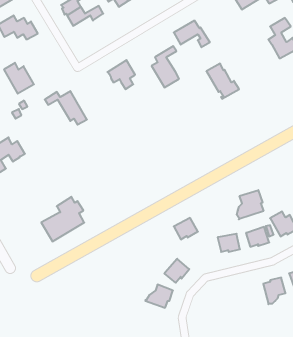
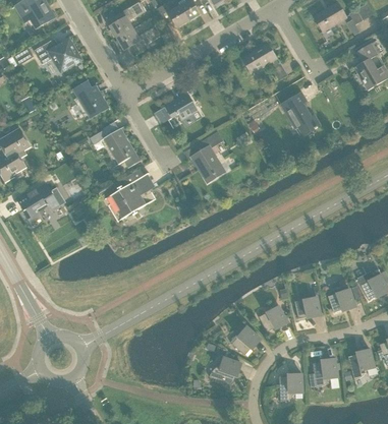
building: [152,46,179,87] -> [192,132,225,181]
building: [4,63,34,94] -> [73,80,109,117]
building: [237,190,263,219] -> none
building: [41,197,84,241] -> [105,167,156,220]
building: [174,218,198,239] -> [259,305,287,330]
building: none -> [309,357,337,386]
building: none -> [279,372,302,401]

